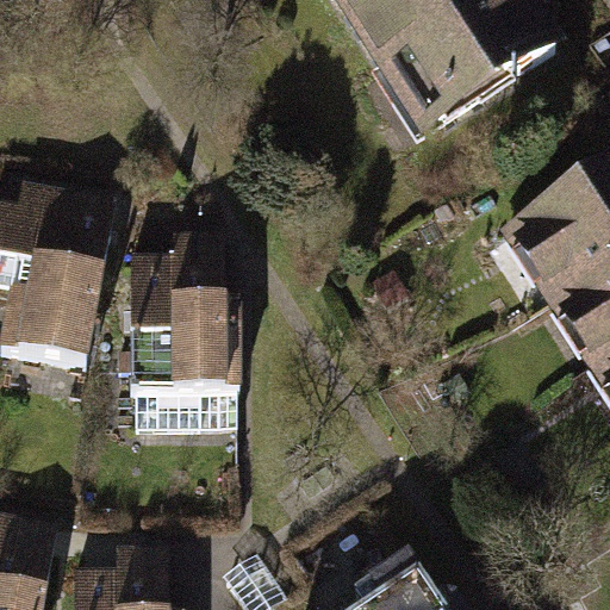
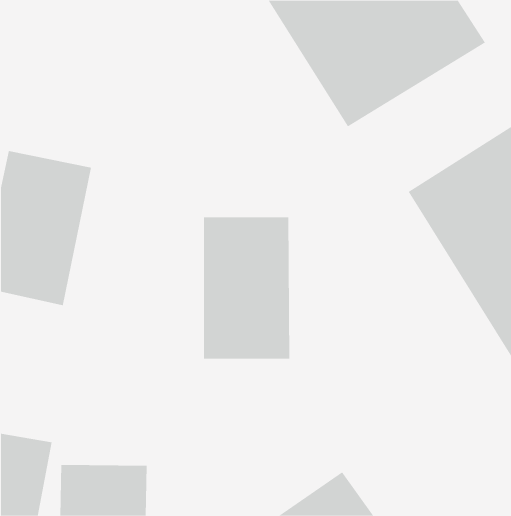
building: [130,241,232,409] -> [203,217,290,359]

